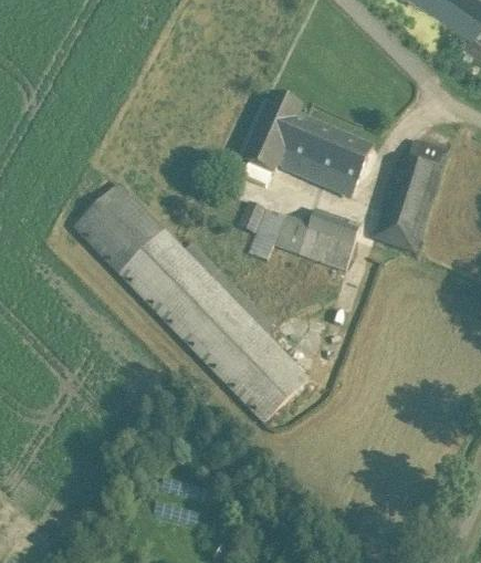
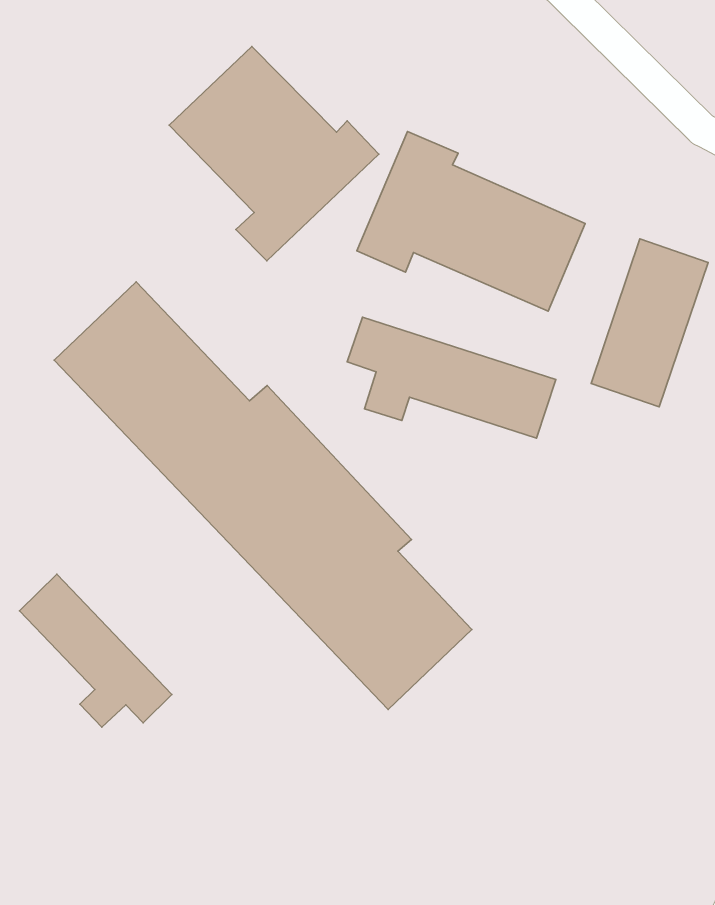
building: none -> [169,47,379,261]
building: none -> [20,574,172,727]

